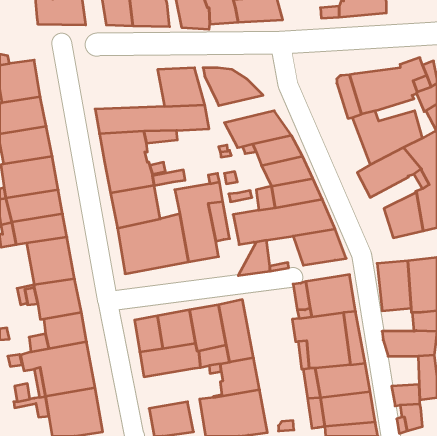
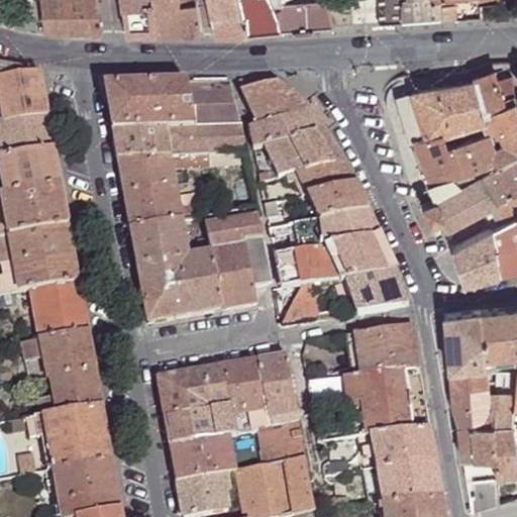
building: none -> [104,82,194,128]
building: none -> [248,112,323,146]
building: none -> [450,363,488,390]
building: none -> [457,419,494,454]
building: none -> [170,433,235,481]

